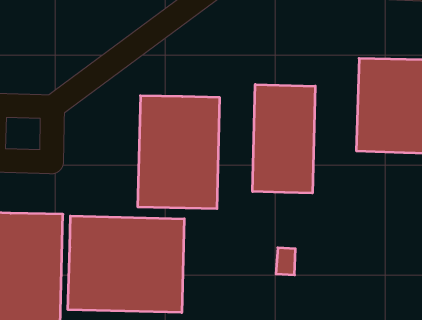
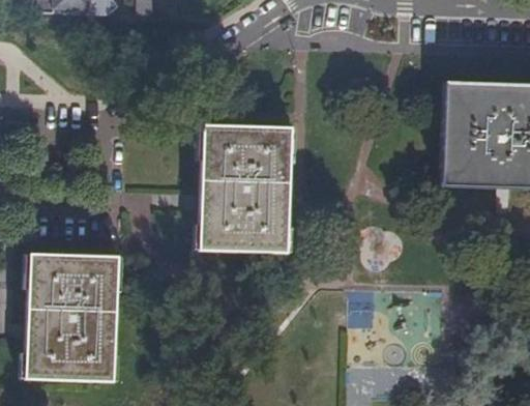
building: [253,84,315,193] -> none
building: [68,216,184,313] -> none

